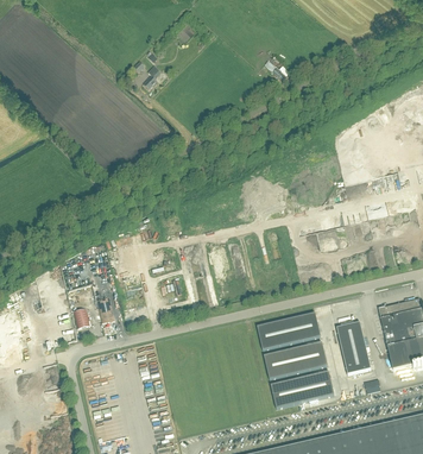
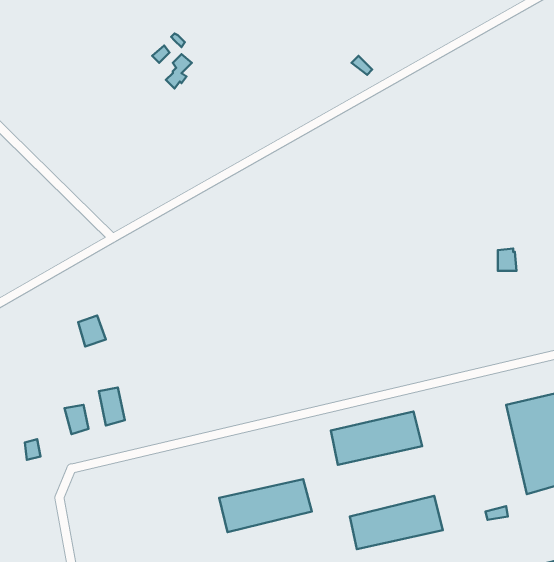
building: [337,322,371,373] -> none
building: [264,342,328,379] -> [219,479,312,532]

